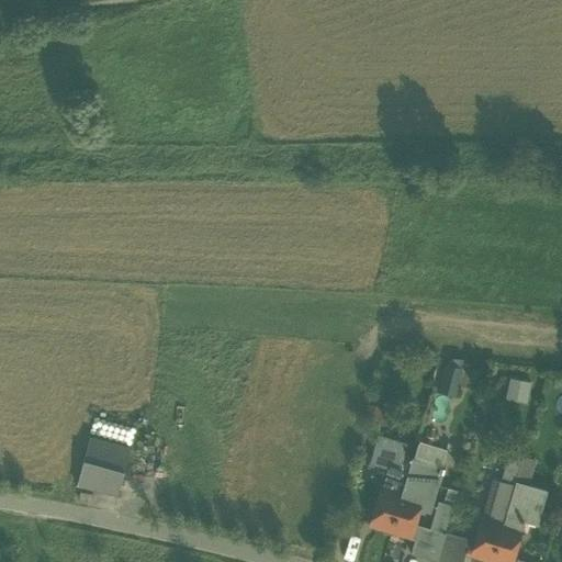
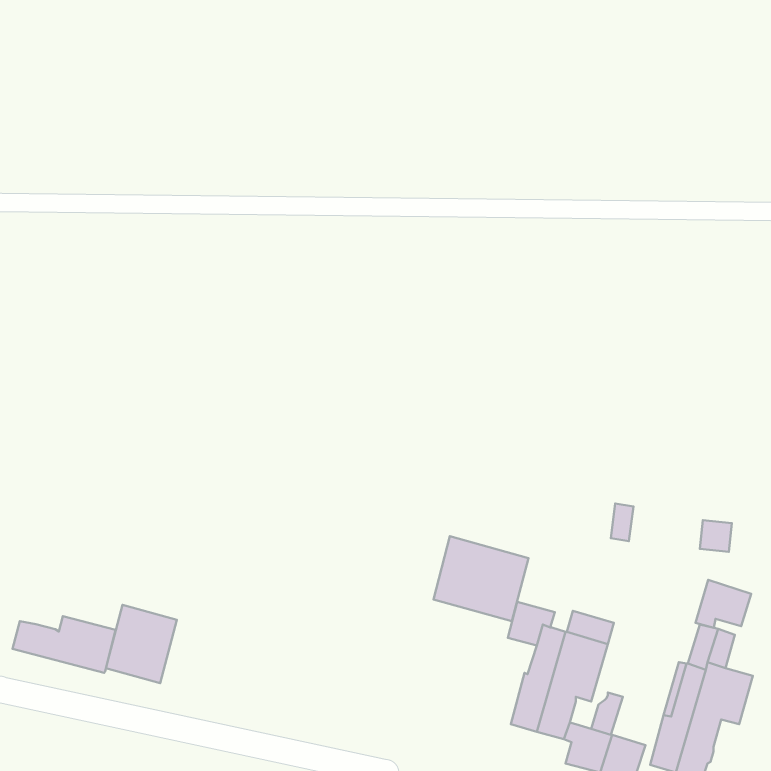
building: none -> [433,536,528,621]
building: none -> [696,580,751,628]
building: none -> [12,616,116,673]

